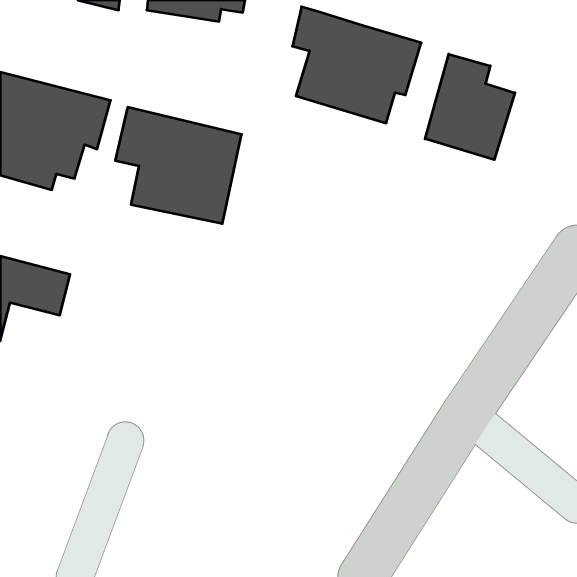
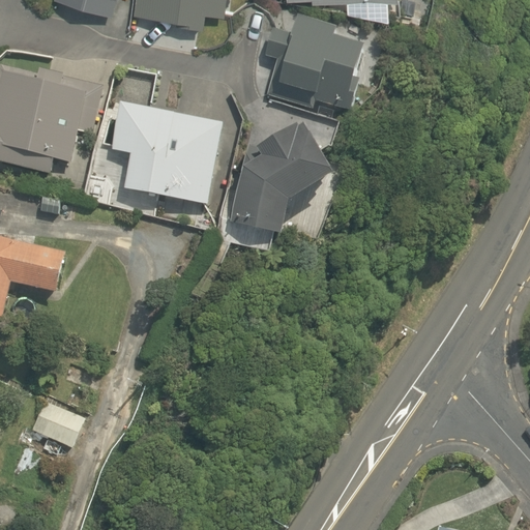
building: [425,54,515,160] -> none
building: none -> [231,102,327,235]
building: none -> [25,399,86,449]

